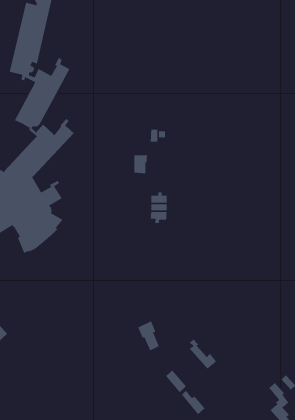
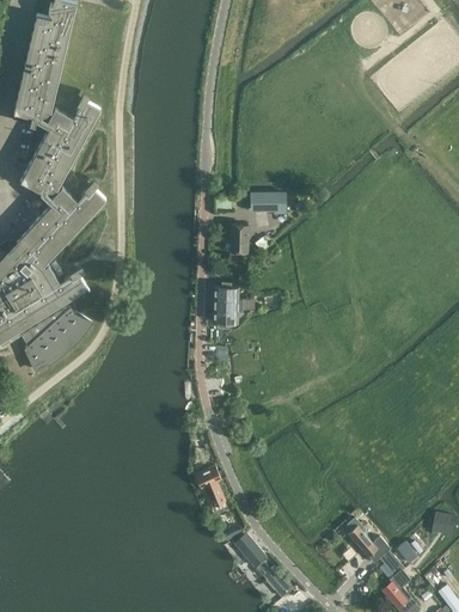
building: none -> [250,190,287,212]
building: [134,155,148,174] -> [231,226,251,253]
building: [189,338,217,370] -> [348,520,387,564]

